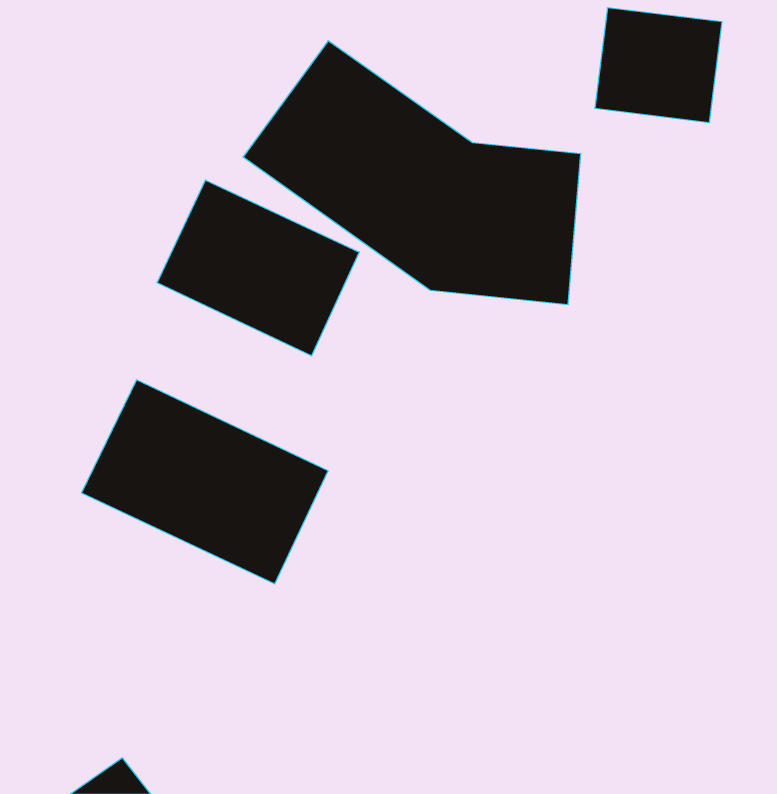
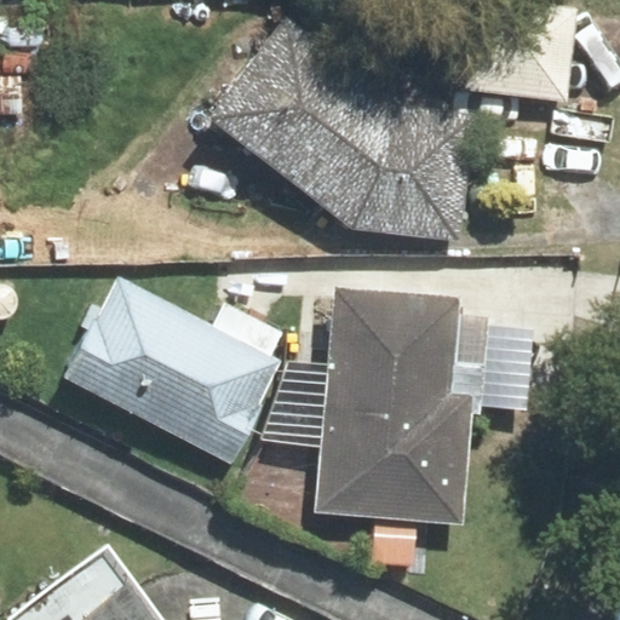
building: [157,180,359,356] -> none
building: none -> [317,310,465,521]

